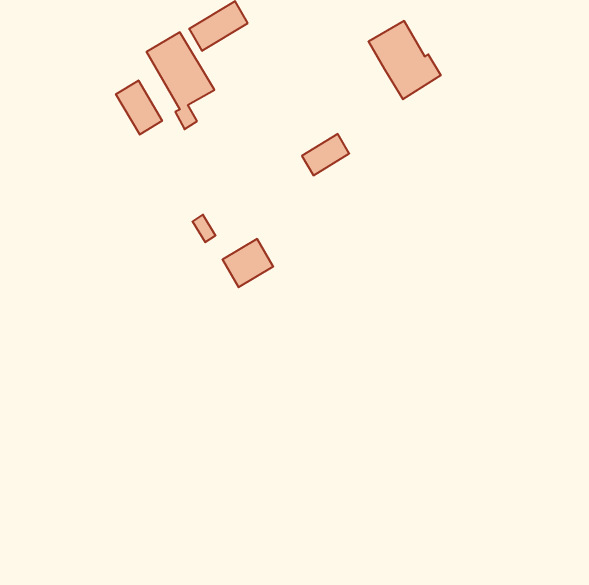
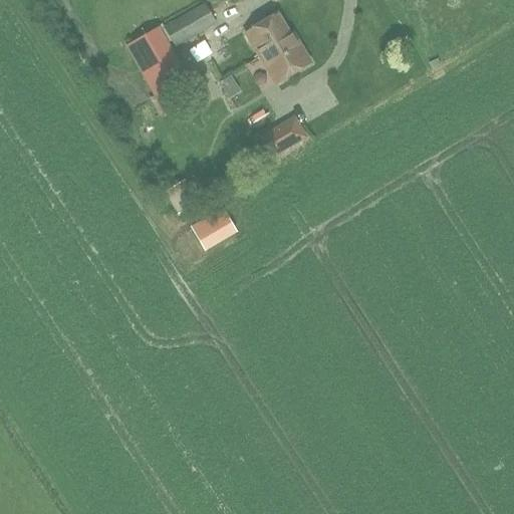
building: [368,21,441,99] -> [247,12,310,80]
building: [116,80,162,135] -> none

